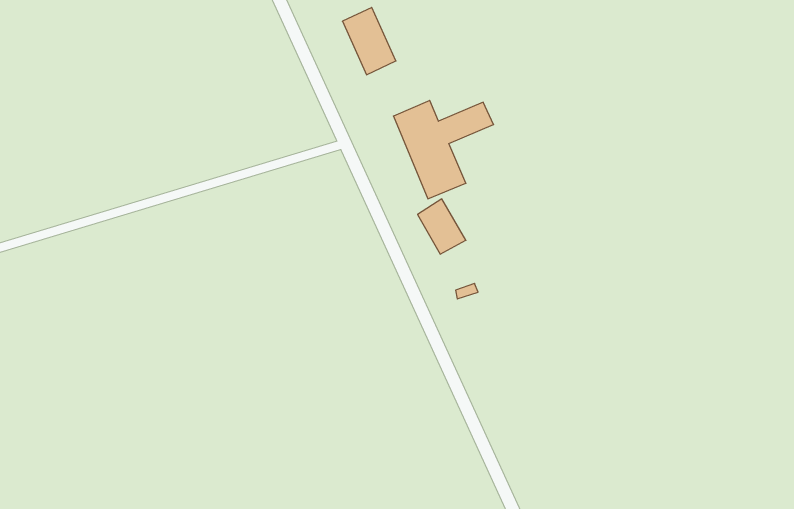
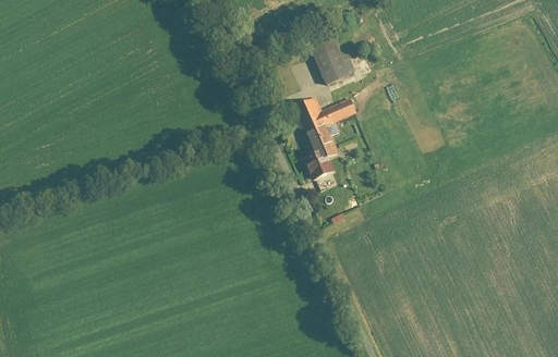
building: [342,7,396,75] -> [316,42,350,85]

